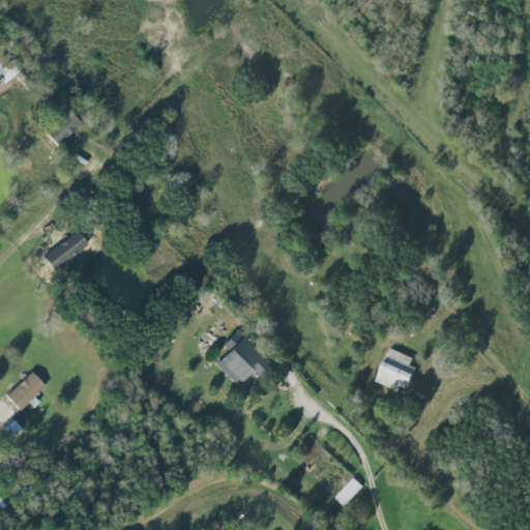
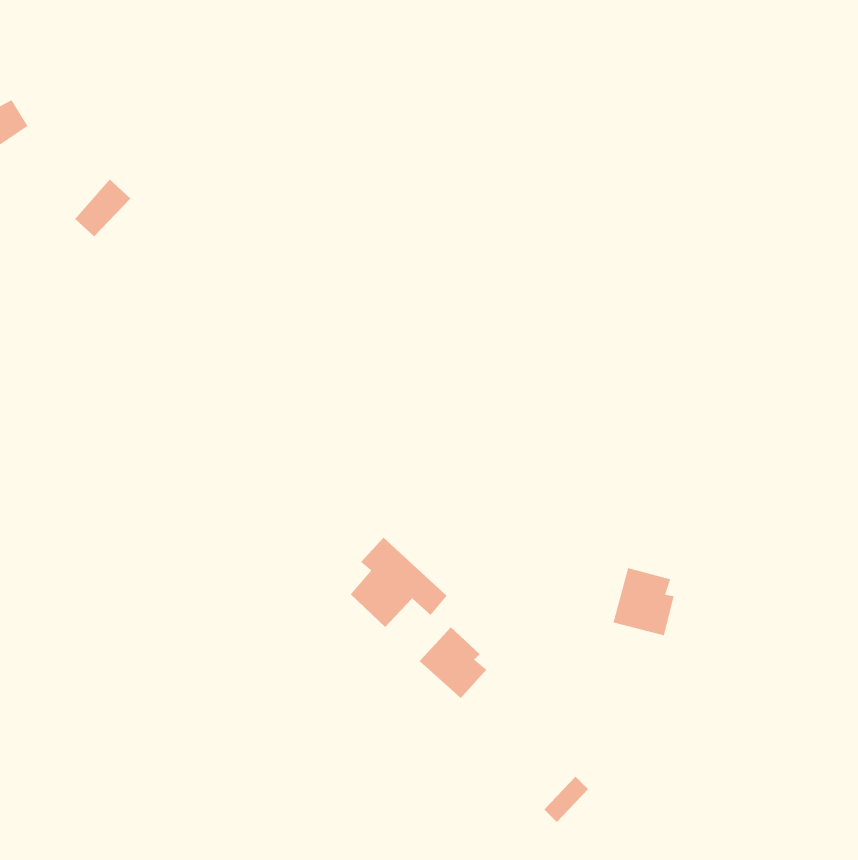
building: [43,231,88,270] -> none
building: [5,372,45,410] -> none
building: none -> [419,627,487,699]

